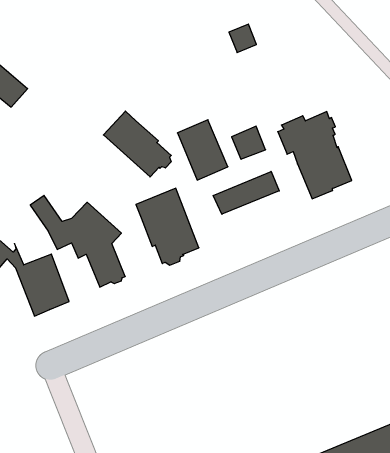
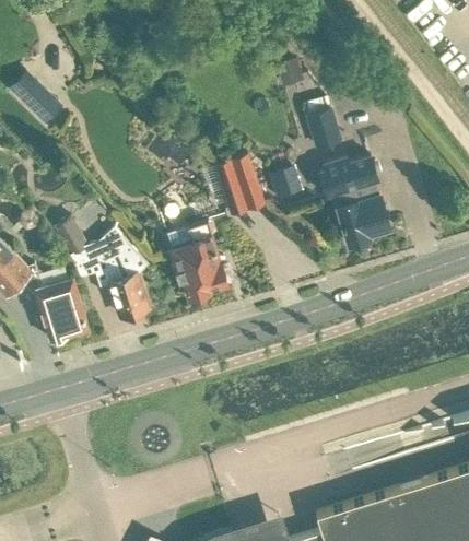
building: none -> [309,110,341,150]
building: [103,111,171,177] -> none
building: [213,171,279,214] -> none

